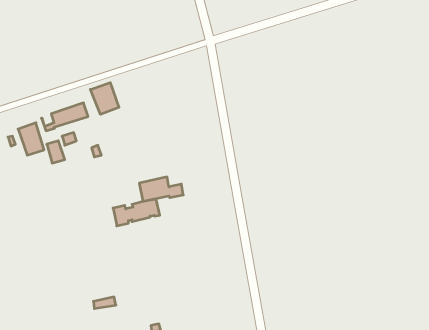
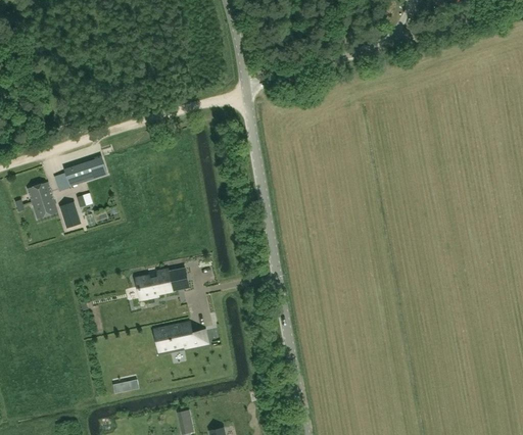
building: [90,83,119,114] -> none
building: [139,177,183,201] -> [155,322,205,349]

